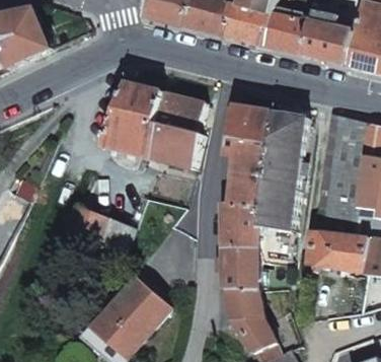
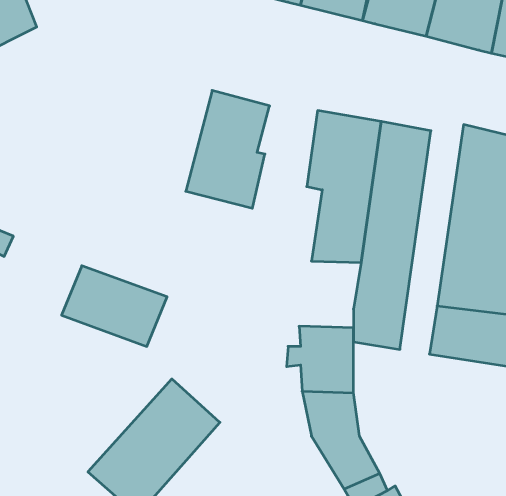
building: [102,81,164,155] -> none
building: [221,201,261,244] -> none

